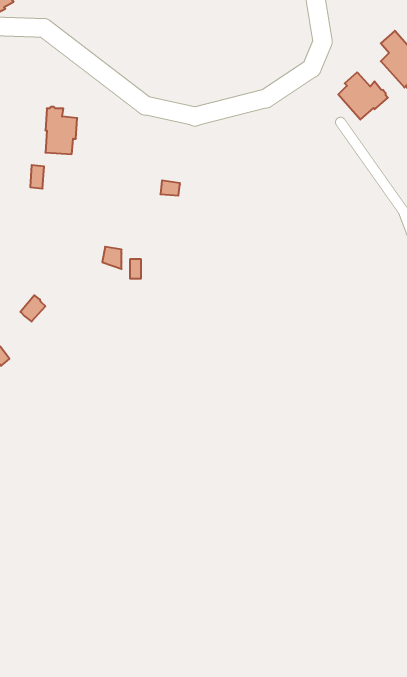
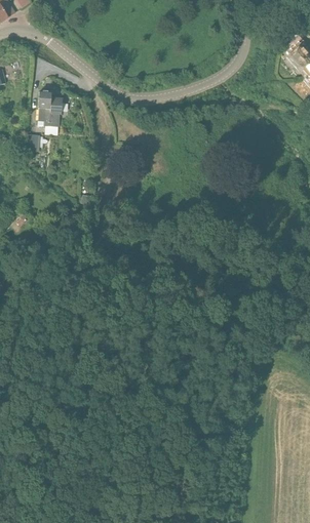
building: [338,72,388,120] -> none

